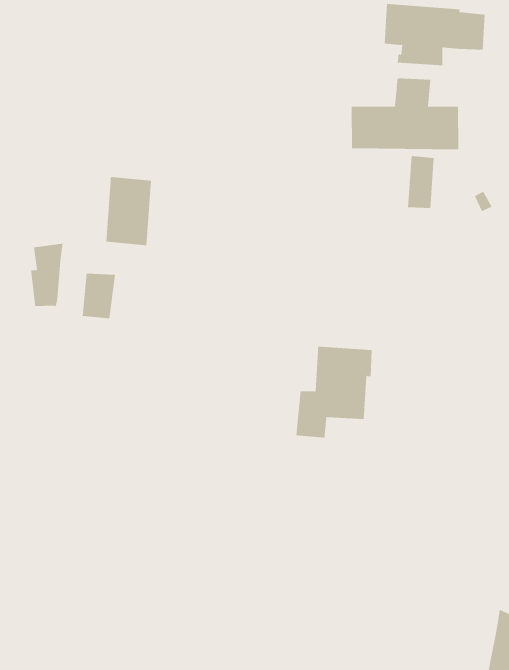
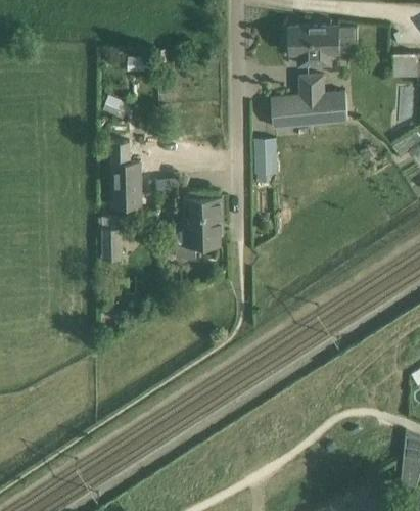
building: [407,155,435,208] -> [253,139,271,175]
building: [30,243,63,307] -> none
building: [295,346,373,438] -> [175,197,223,261]

